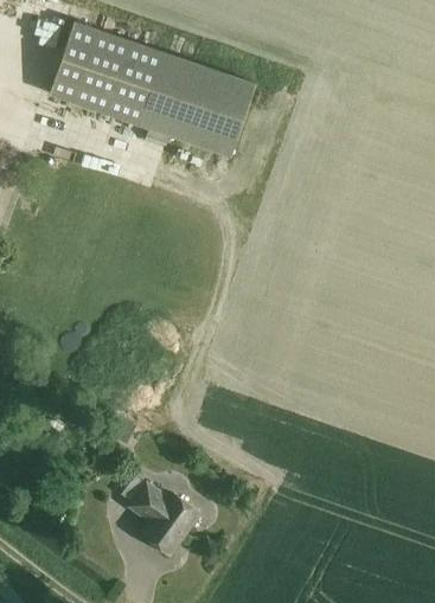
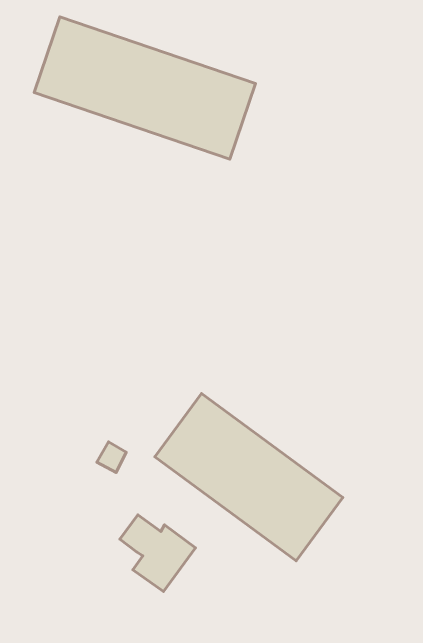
building: none -> [155,394,343,561]

